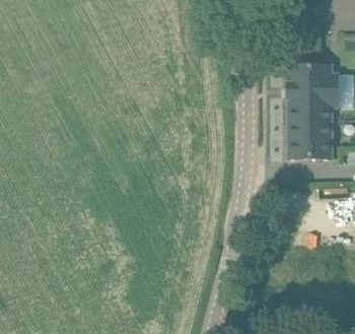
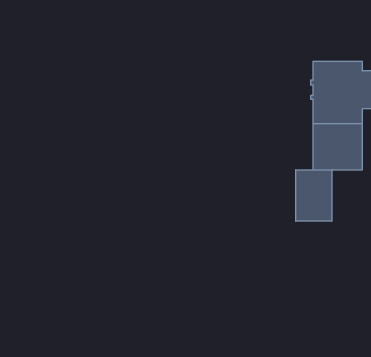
building: none -> [296,170,332,221]

